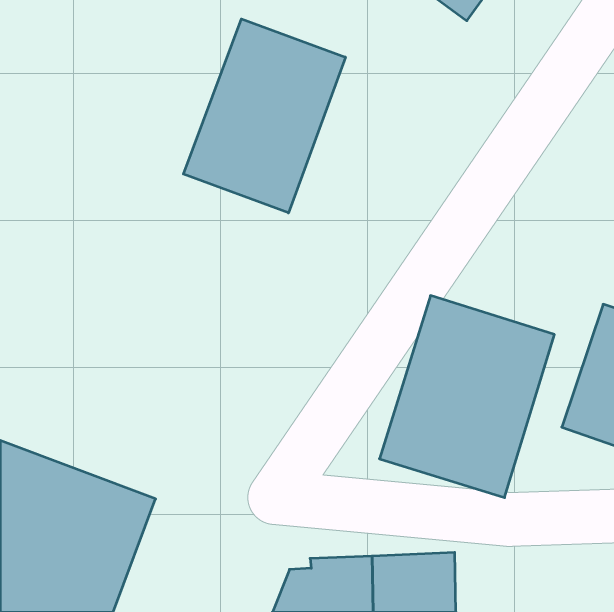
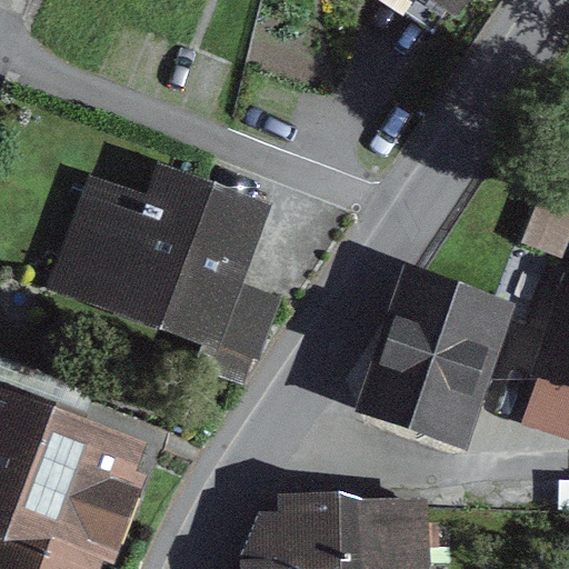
building: [183,19,345,213] -> none
building: none -> [64,177,271,350]

